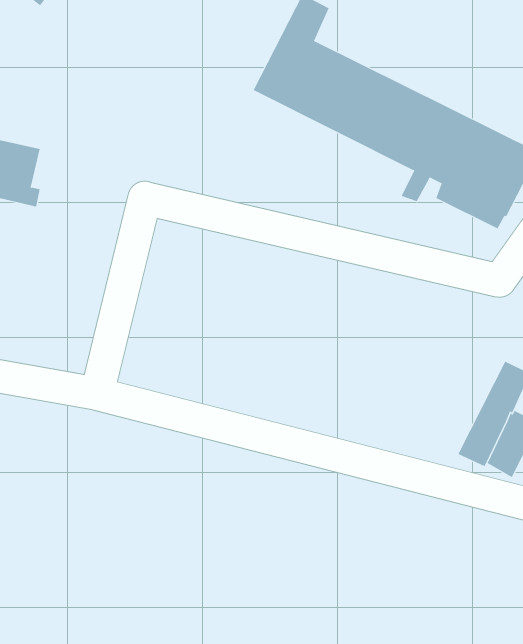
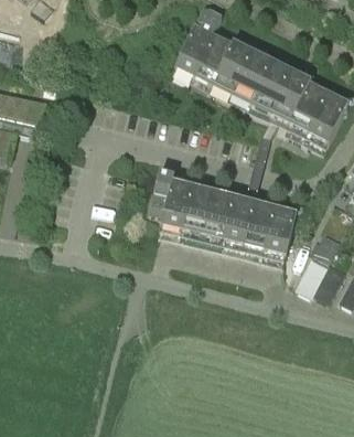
building: none -> [149,177,297,254]

